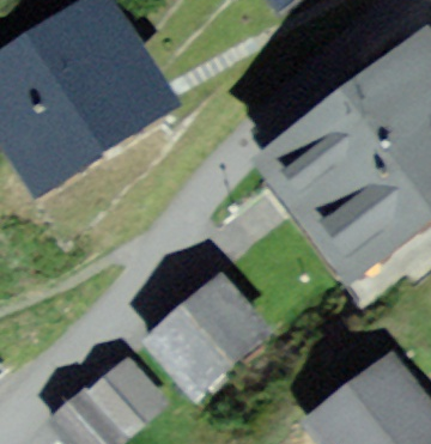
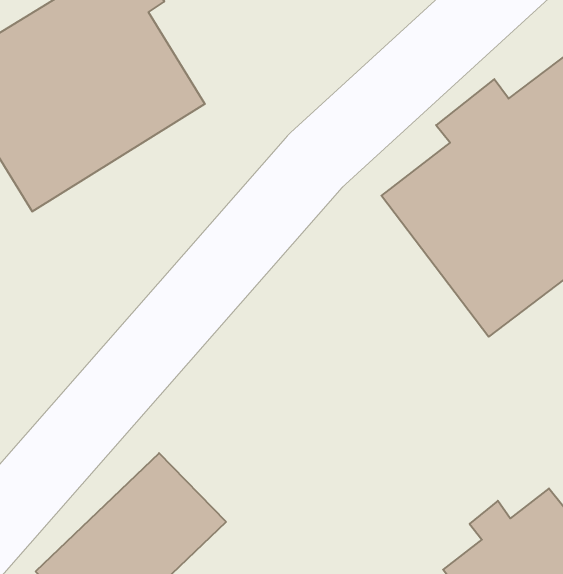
building: [141,261,269,387] -> none

